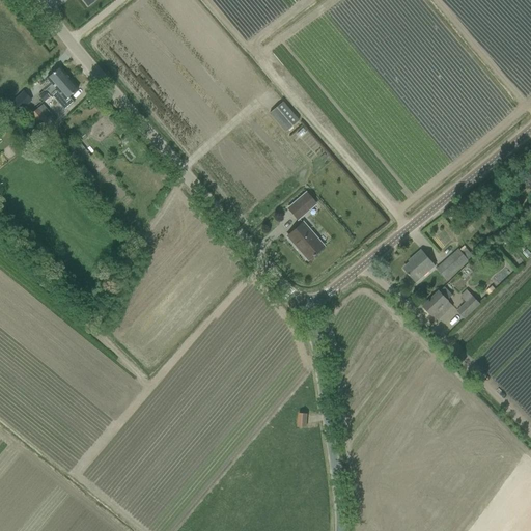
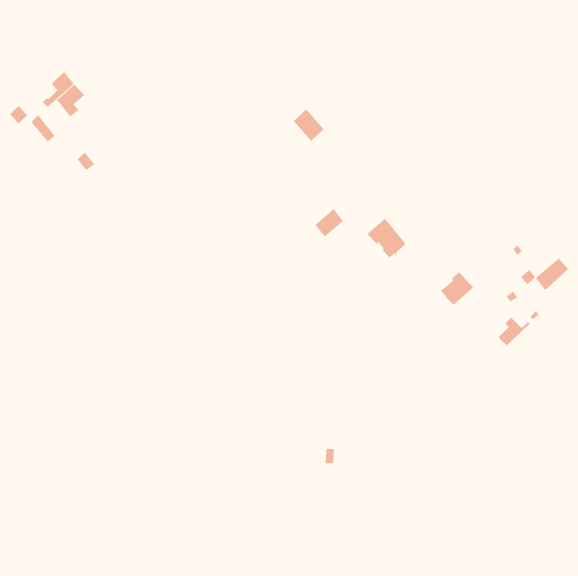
building: [286,221,323,258] -> [367,218,407,259]
building: [437,248,468,278] -> [535,258,569,291]
building: [423,290,452,319] -> none

